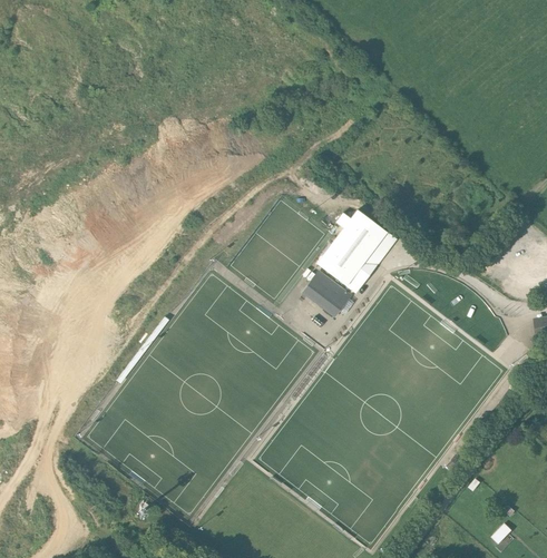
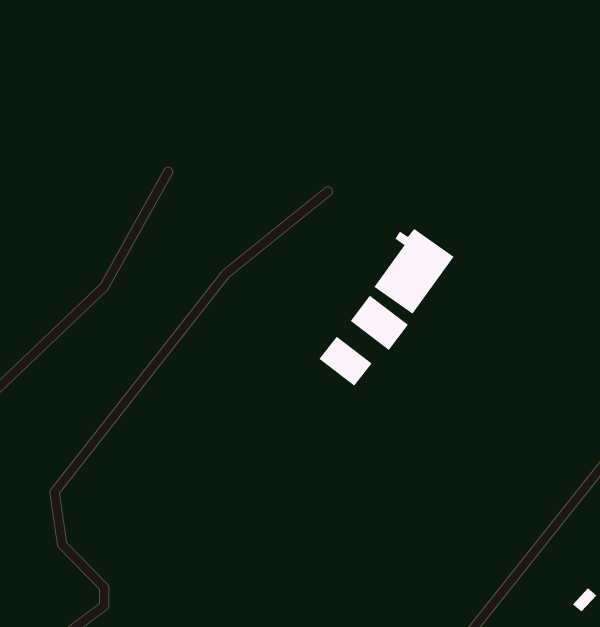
building: none -> [318,336,373,387]

